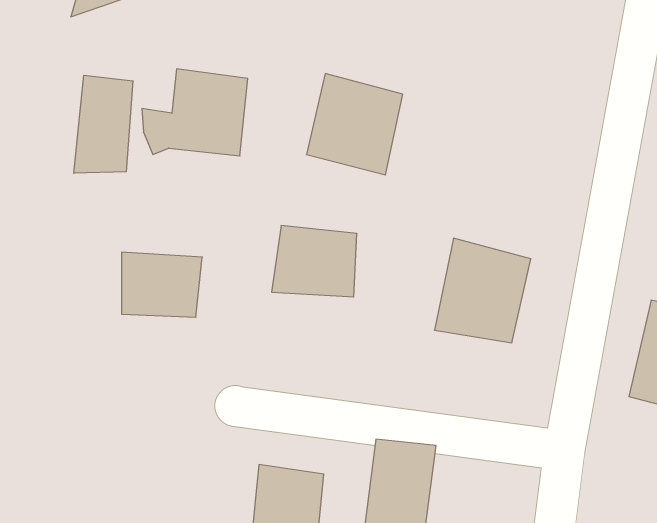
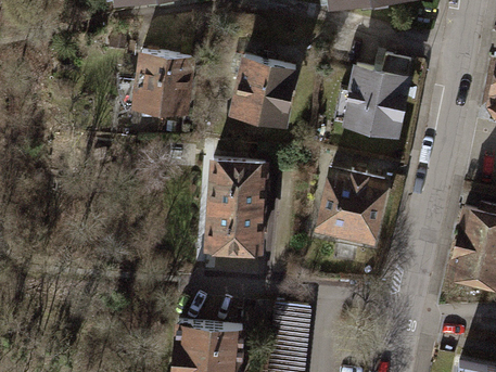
building: [74,75,133,173] -> none
building: none -> [347,59,412,137]
building: [122,252,202,317] -> [209,209,265,254]

